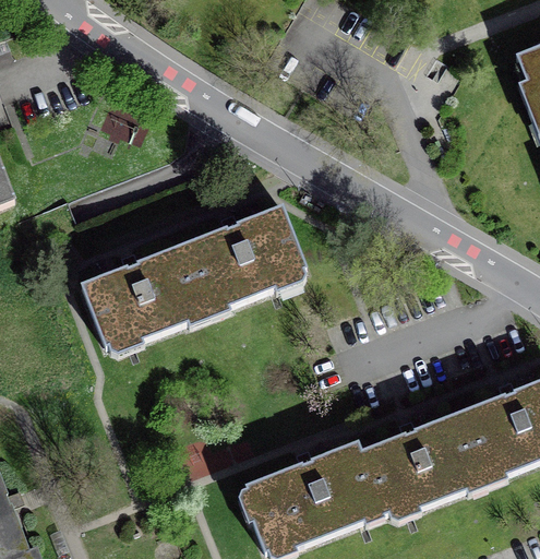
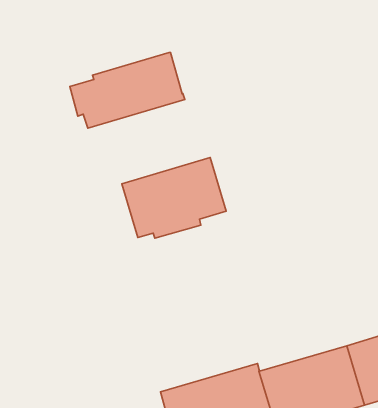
building: none -> [70,52,185,128]
building: [82,246,206,346] -> none

